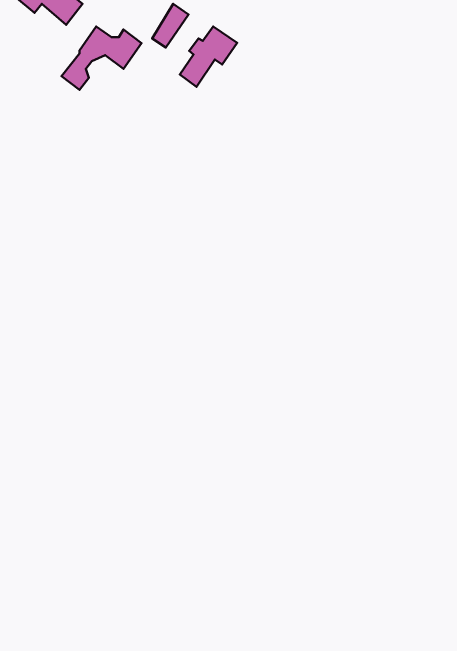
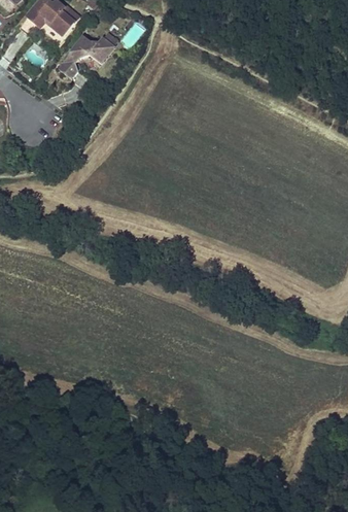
building: [180,26,237,87] -> none

